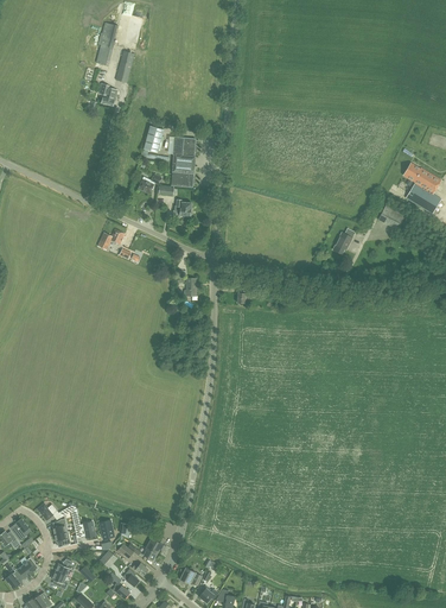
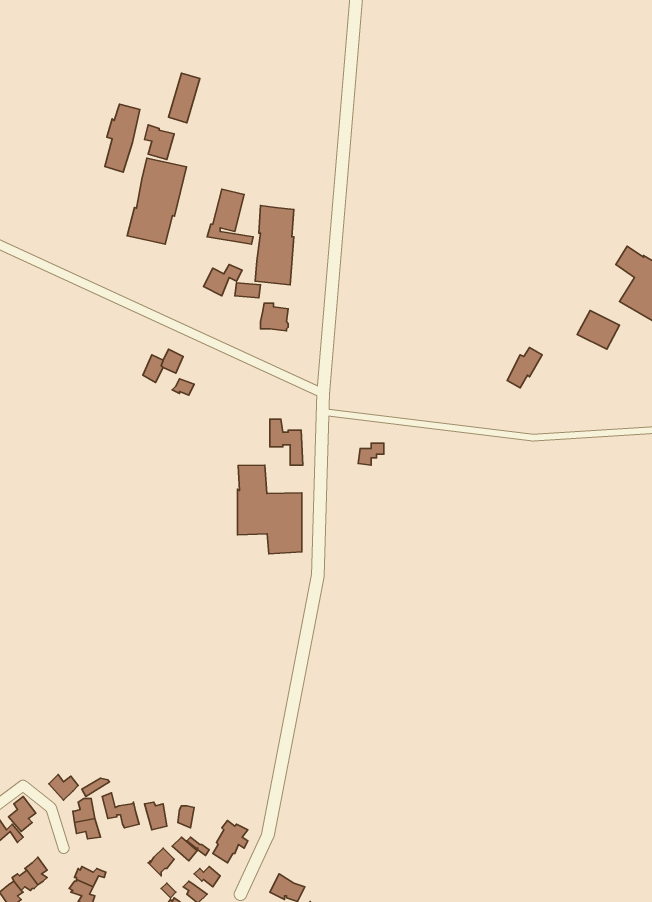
building: [95,23,117,66] -> [105,104,140,172]
building: none -> [127,158,187,244]
building: none -> [237,465,302,554]

